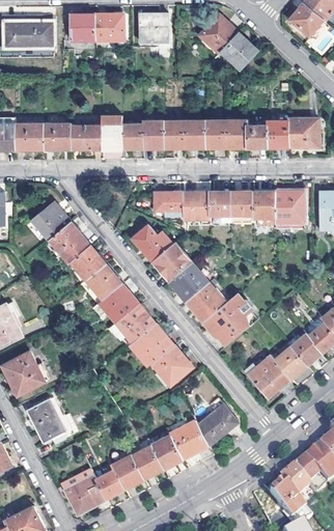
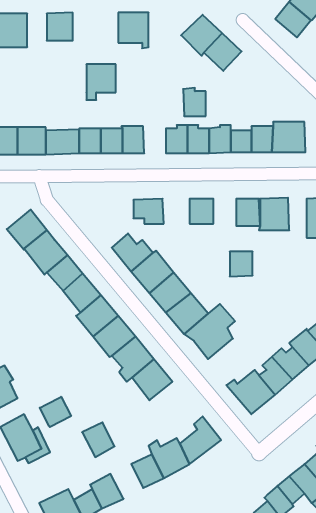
building: [95,13,123,48] -> [86,64,116,100]
building: [163,121,185,148] -> [183,88,206,116]
building: [182,192,208,220] -> none
building: [230,192,252,216] -> [230,252,253,276]
building: none -> [40,397,71,427]
building: [132,446,163,479] -> [82,422,115,457]

